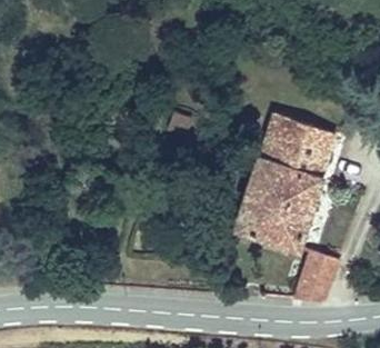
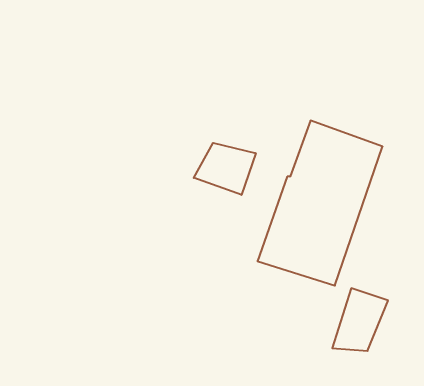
building: none -> [194,143,256,195]

